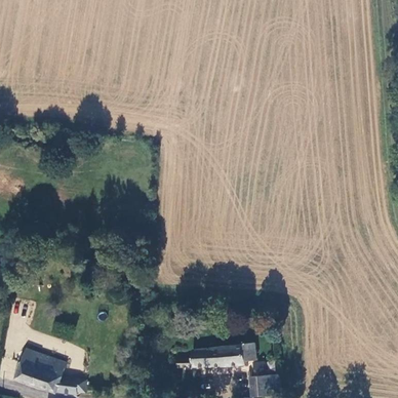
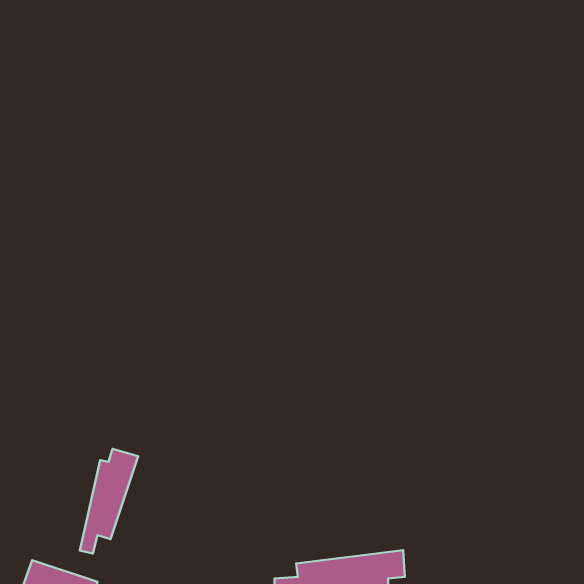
building: none -> [80,449,138,553]

